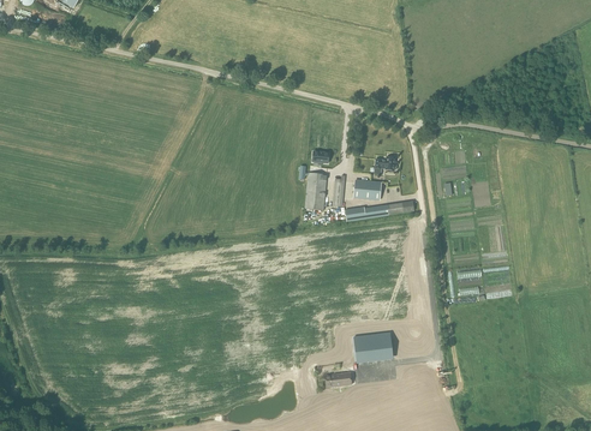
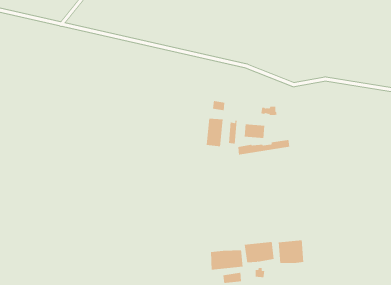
building: none -> [278,240,304,264]
building: none -> [210,250,243,270]

